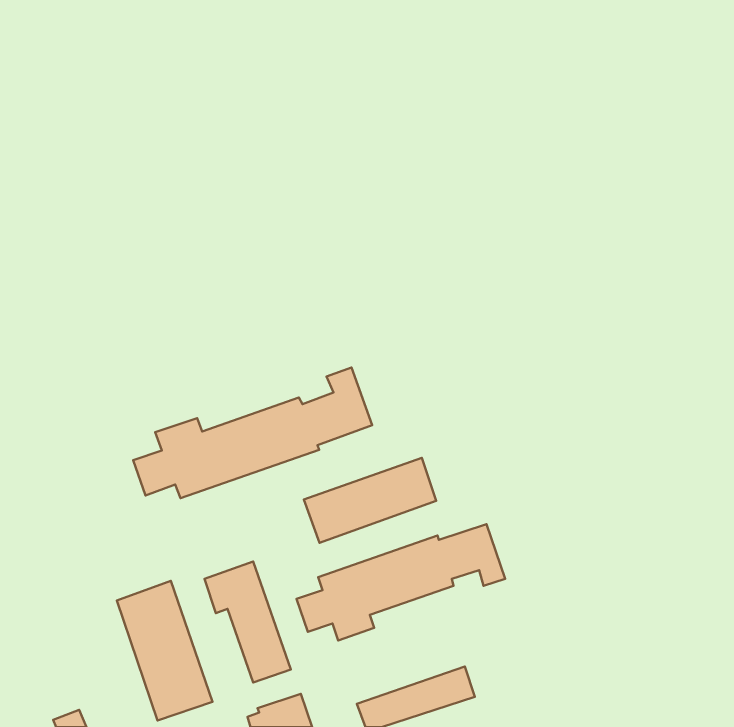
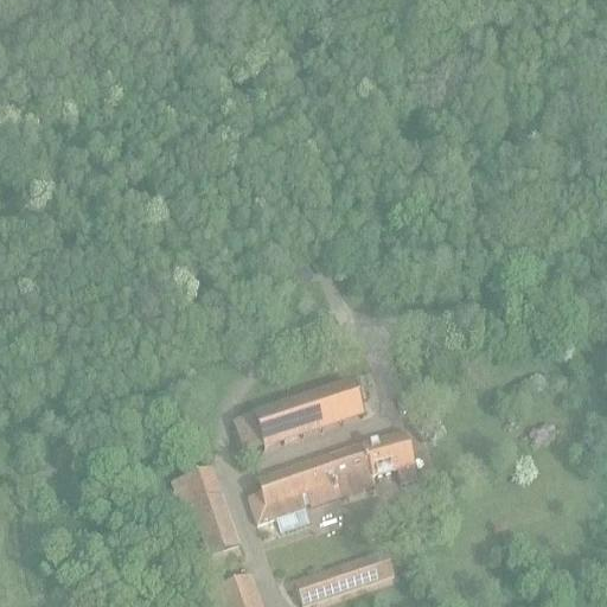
building: [133,367,372,498] -> none
building: [117,581,213,720] -> none

